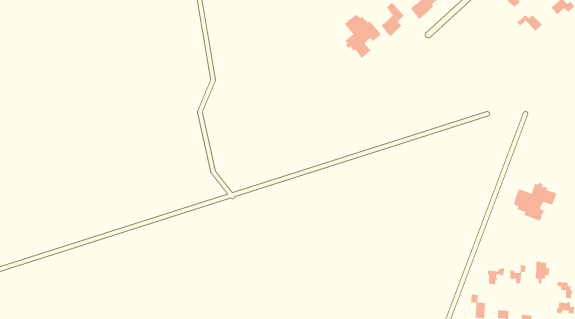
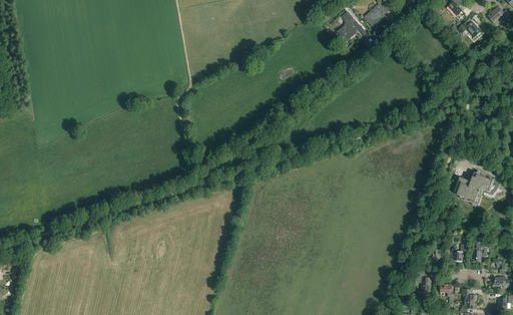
building: [344,14,382,59] -> none

